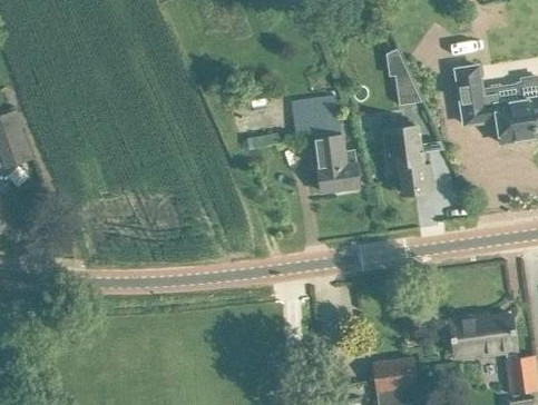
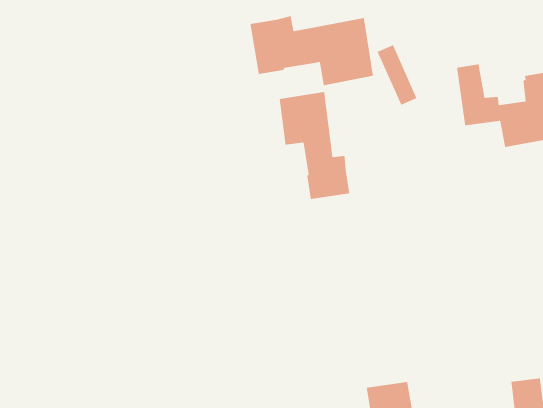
building: none -> [250,15,374,86]
building: [379,127,432,192] -> none
building: [448,316,517,355] -> none

